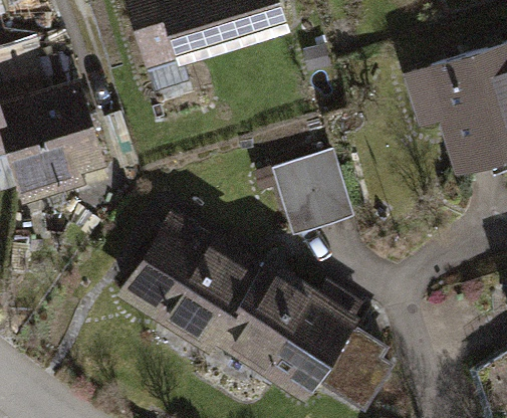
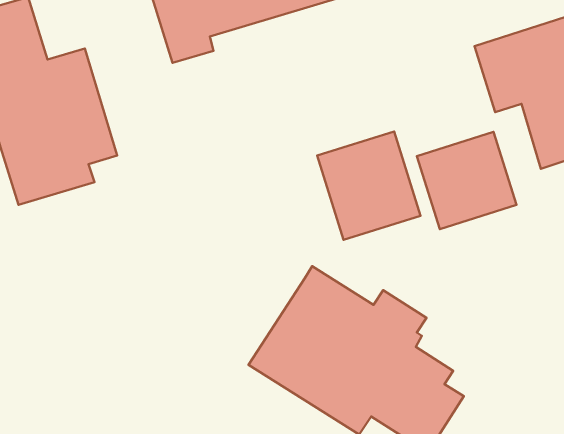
building: none -> [417,132,516,229]
building: [115,209,261,351] -> none

